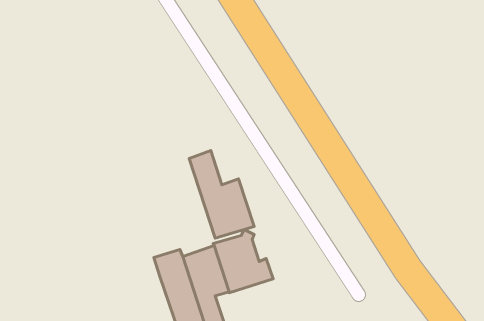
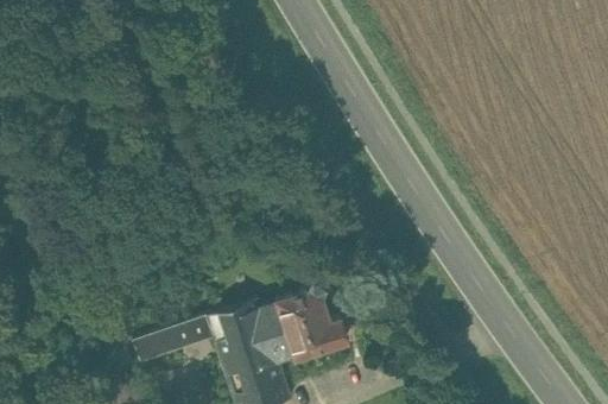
building: [189,150,254,238] -> none
building: none -> [133,315,213,361]

